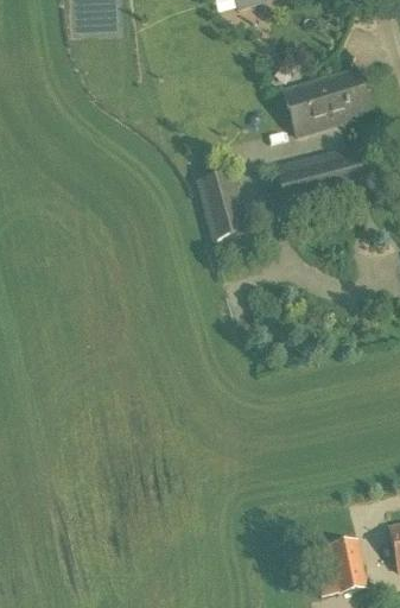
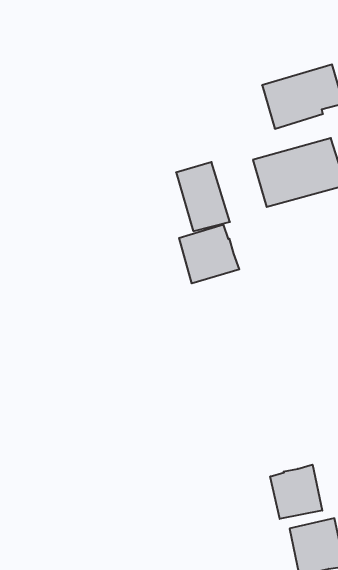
building: none -> [179,225,239,283]
building: none -> [270,465,322,519]

